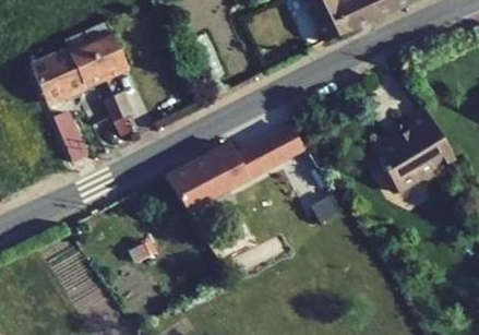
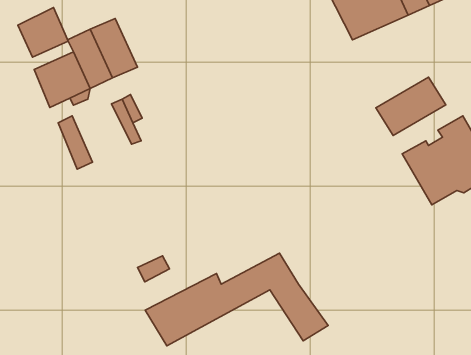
building: none -> [18,8,68,57]
building: none -> [376,77,446,135]
building: [167,125,335,211] -> [145,253,328,346]

